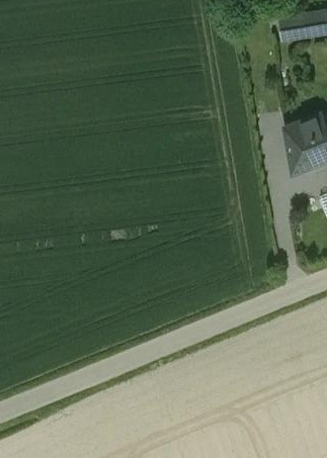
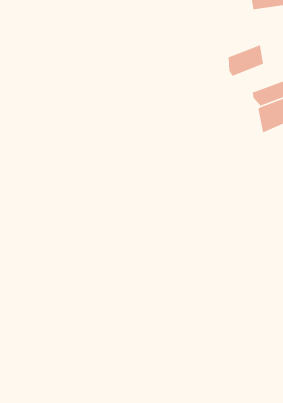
building: none -> [228,44,264,77]

